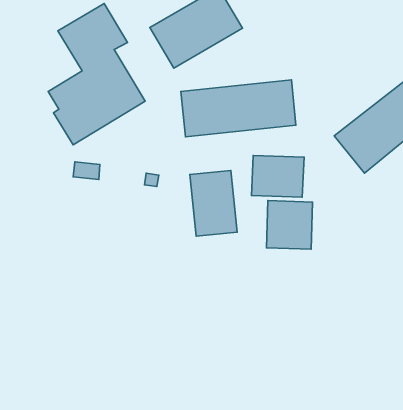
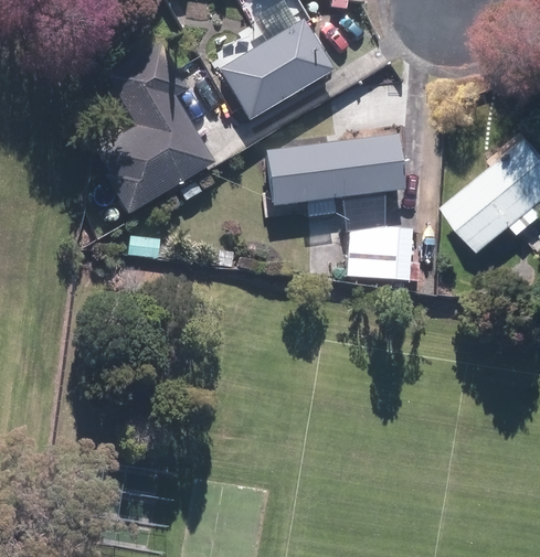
building: [190,170,237,236] -> none
building: [267,201,312,249] -> none

